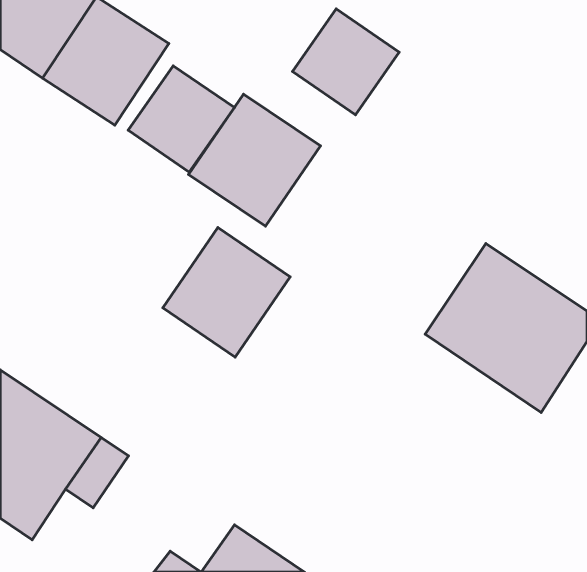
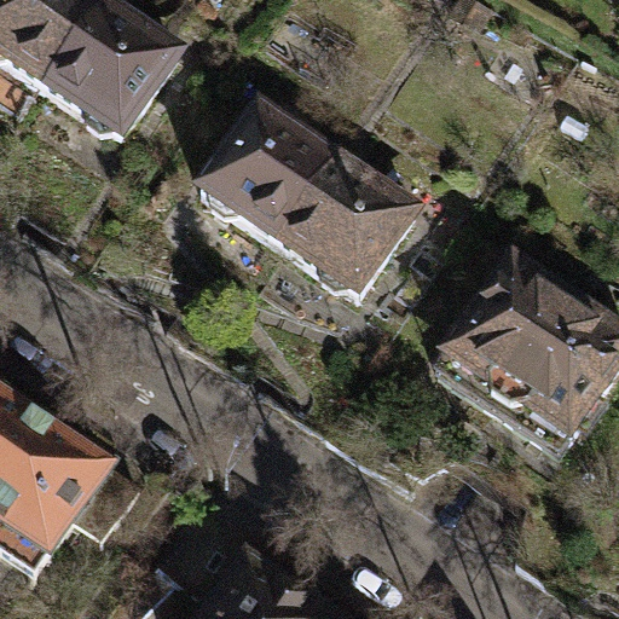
building: [292,9,399,115] -> none
building: [128,66,234,172] -> none
building: [163,228,290,357] -> [279,154,413,290]

